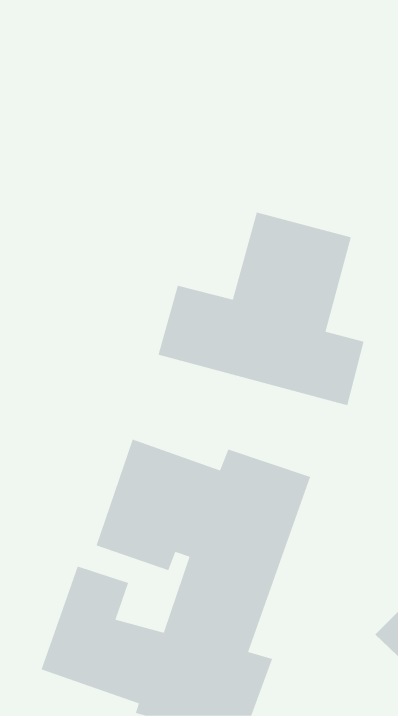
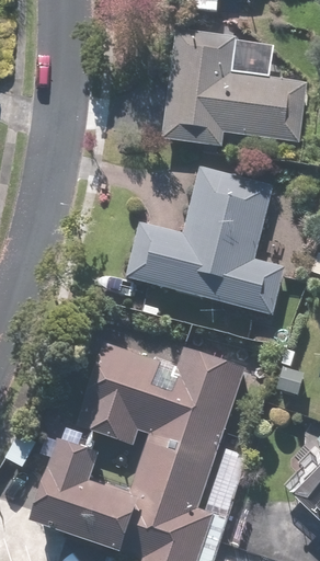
building: none -> [161,25,307,147]

